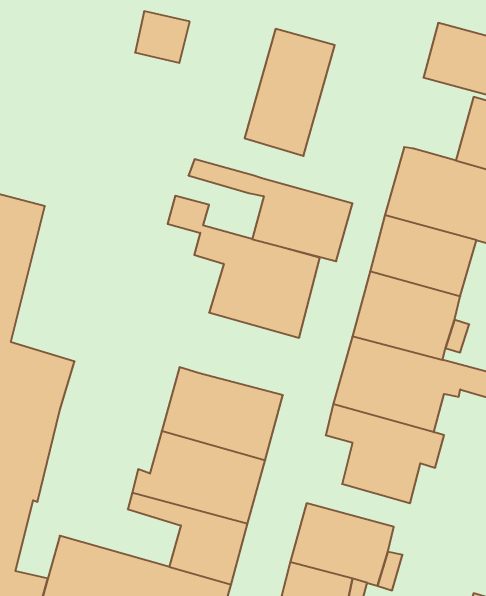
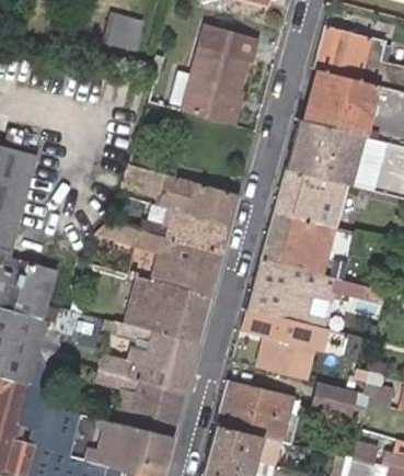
building: none -> [308,68,353,124]
building: [188,159,353,261] -> [102,223,223,298]
building: none -> [303,381,357,422]

